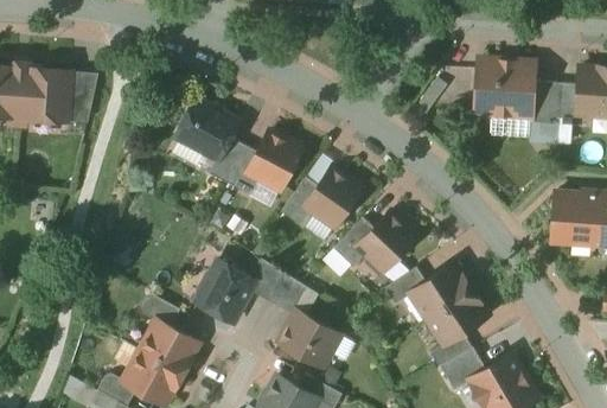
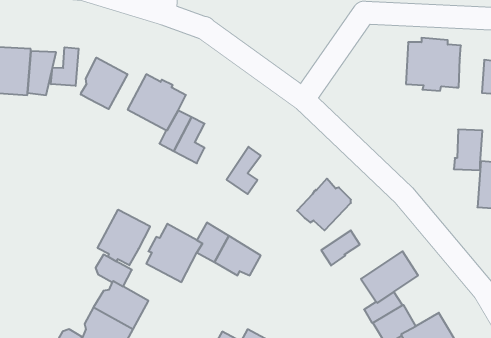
building: none -> [51,47,79,86]
building: none -> [81,58,127,109]
building: [528,82,558,126] -> [454,130,482,170]
building: [247,132,300,185] -> none
building: [304,167,360,223] -> none
building: [333,217,373,267] -> none
building: none -> [98,210,150,265]
building: [408,263,471,319] -> none
building: [277,311,339,366] -> none

